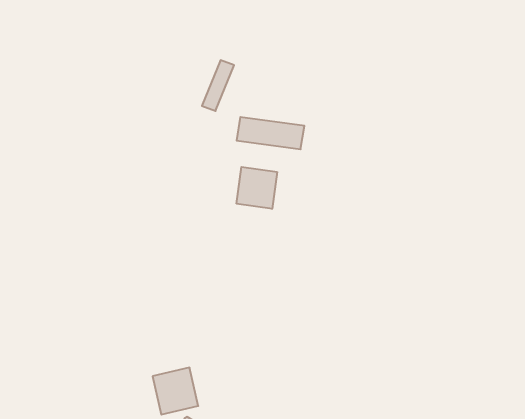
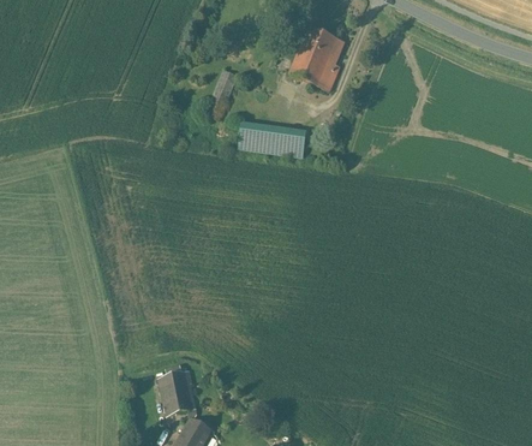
building: none -> [289,28,340,90]
building: [237,167,277,209] -> none

